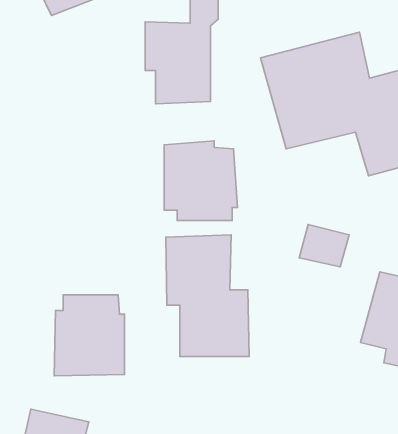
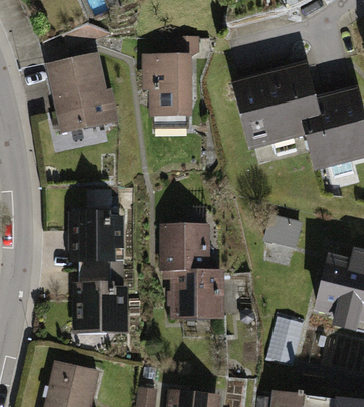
building: none -> [47,56,121,135]
building: [164,141,237,220] -> [68,207,126,269]

